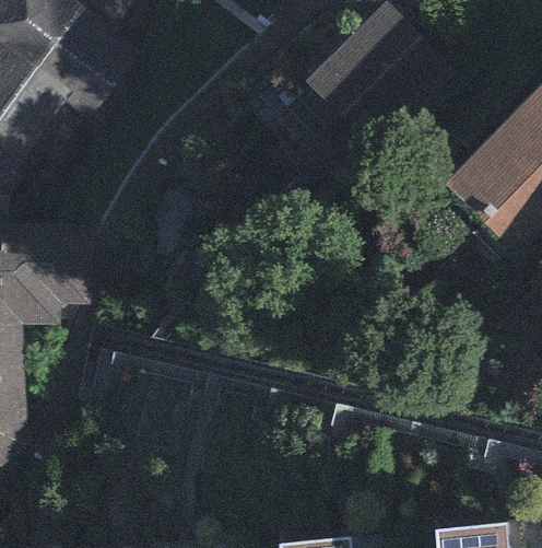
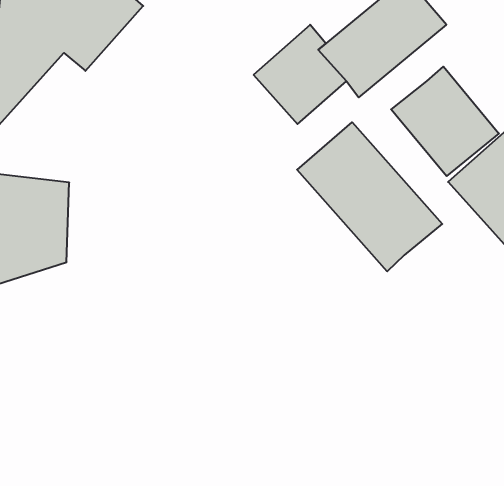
building: none -> [391,67,499,176]
building: none -> [297,122,442,271]

